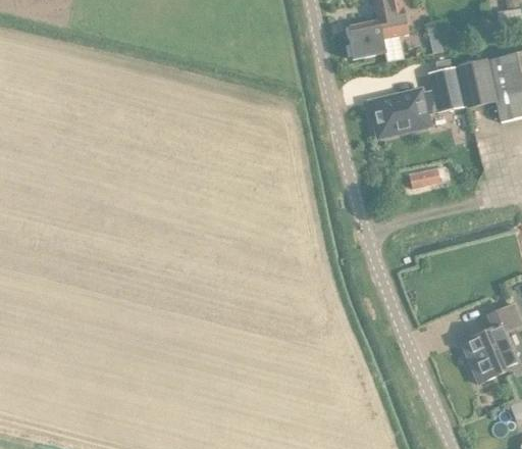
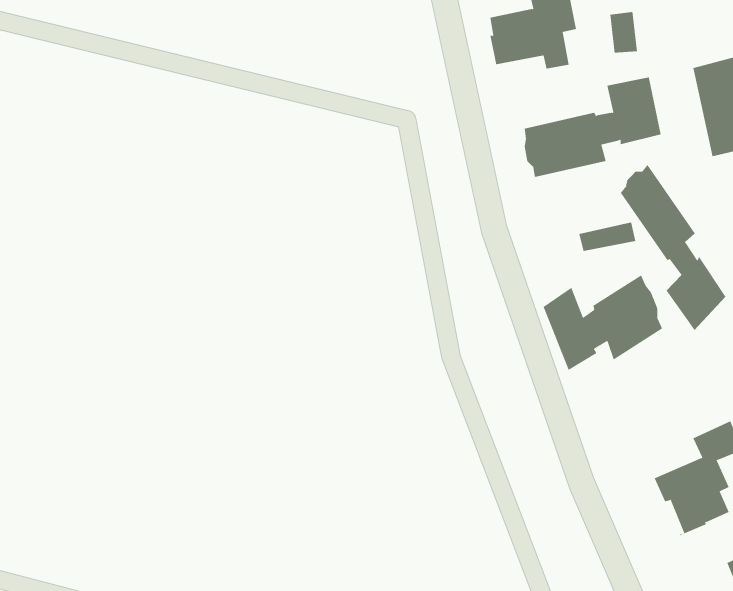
building: [458,60,494,106] -> none
building: none -> [620,164,726,331]
building: none -> [543,274,663,371]

